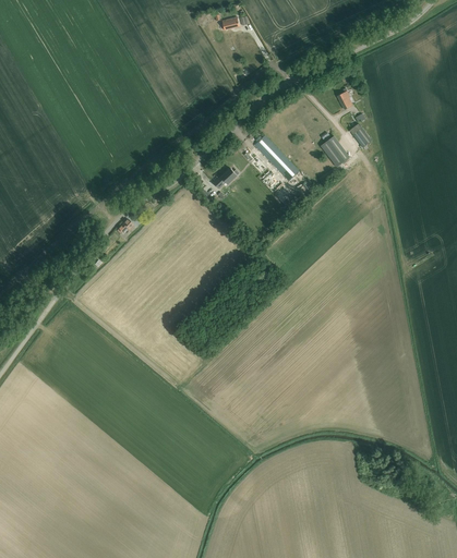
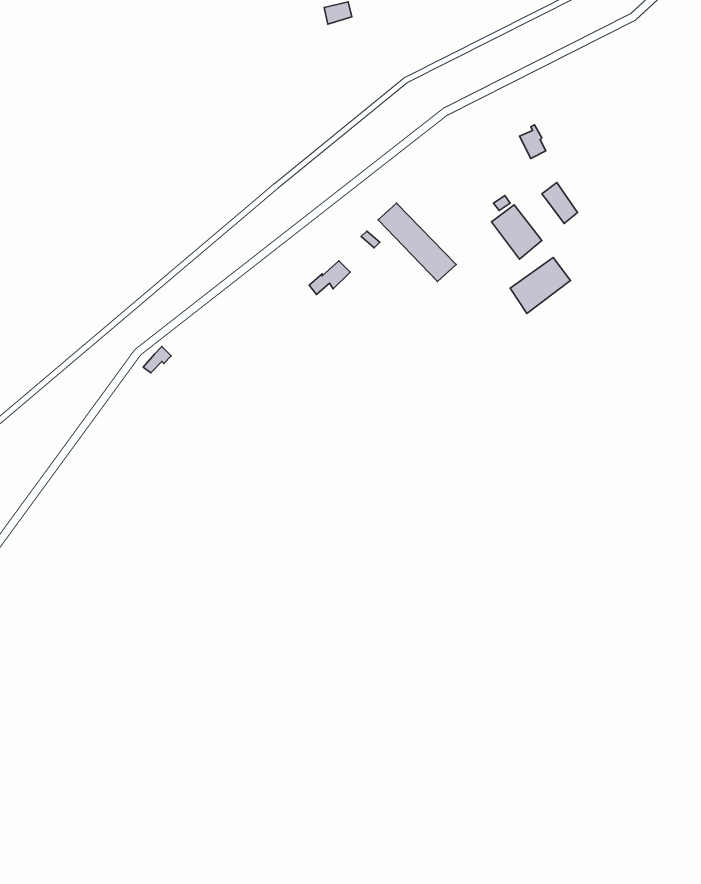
building: none -> [510,258,570,313]

